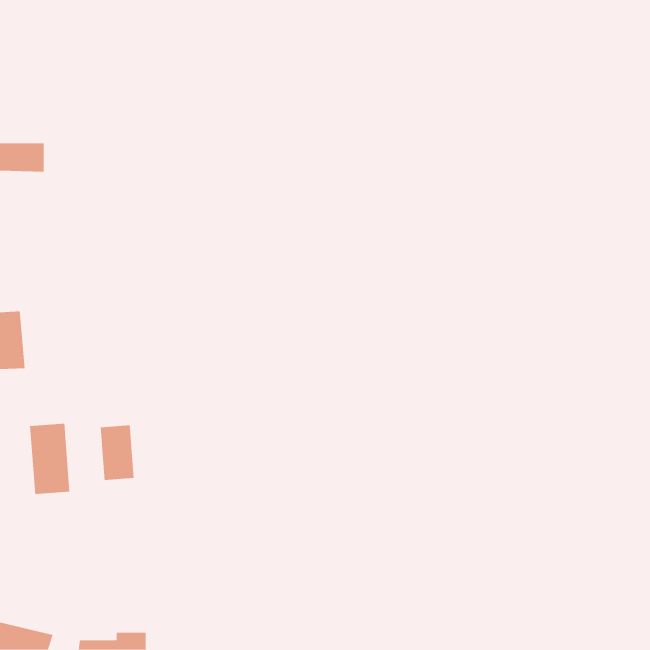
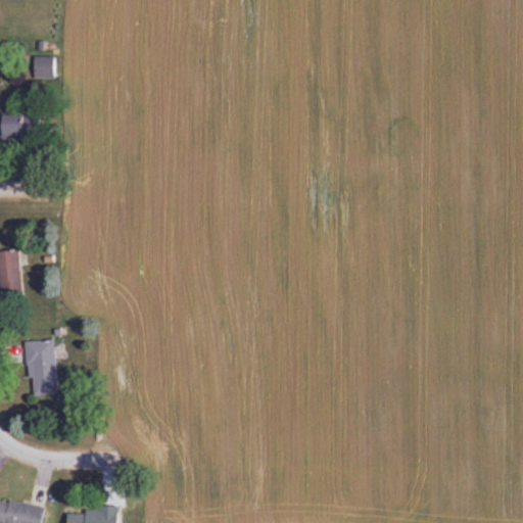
building: none -> [32,55,54,79]
building: [100,424,134,481] -> none

